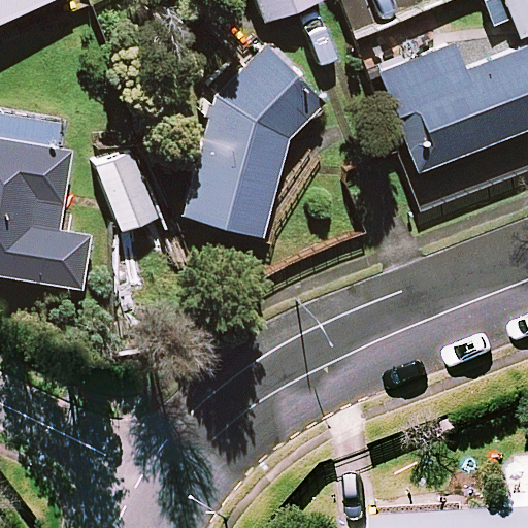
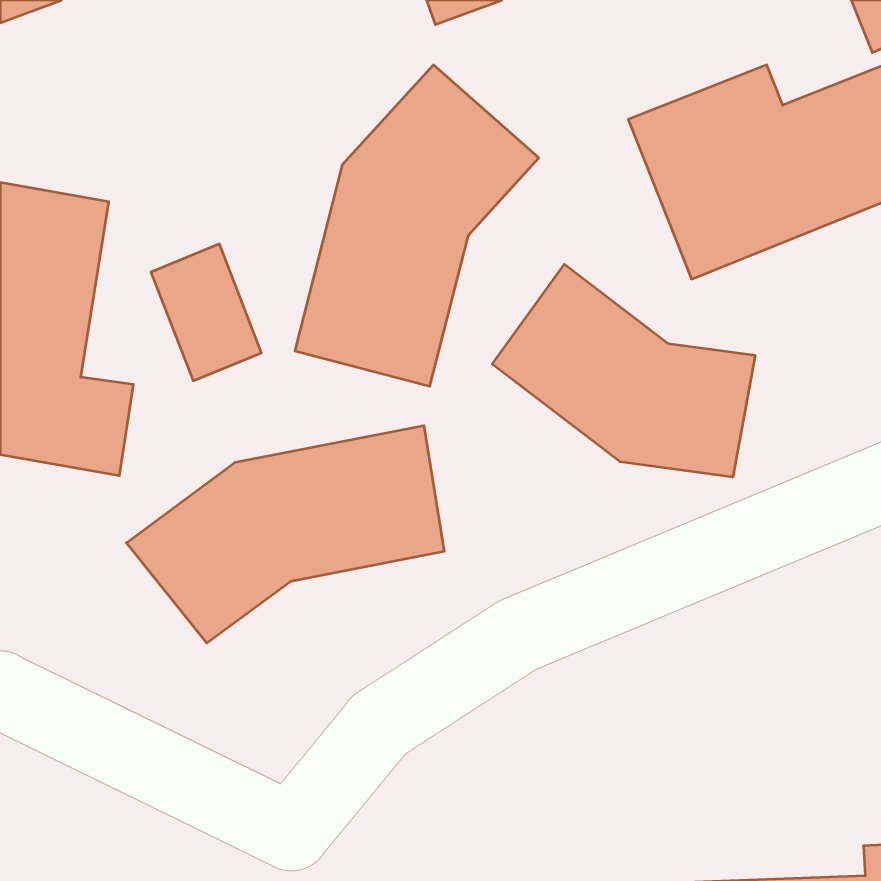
building: none -> [492,264,755,477]
building: none -> [126,426,444,643]

